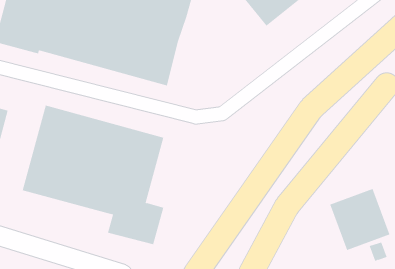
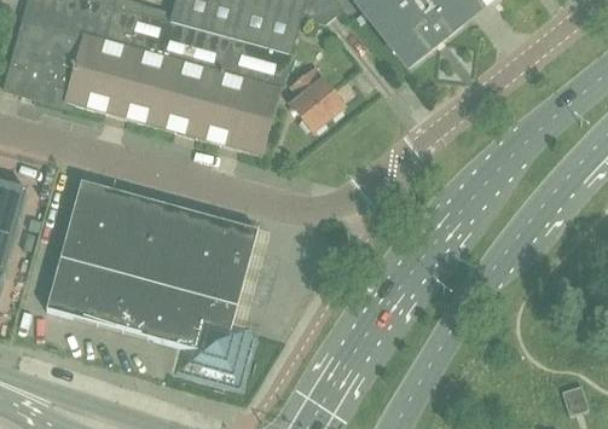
building: none -> [284,65,343,129]
building: [330,188,390,251] -> none

